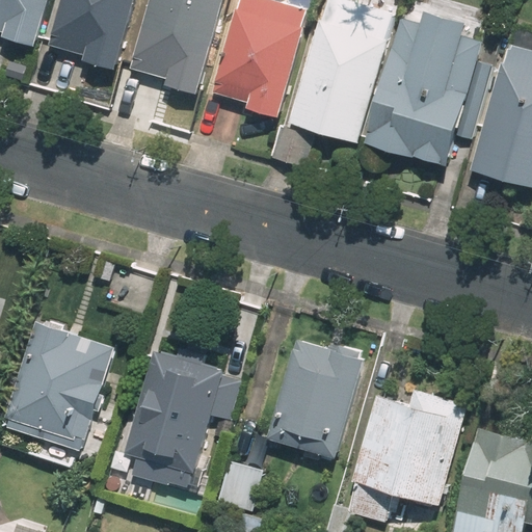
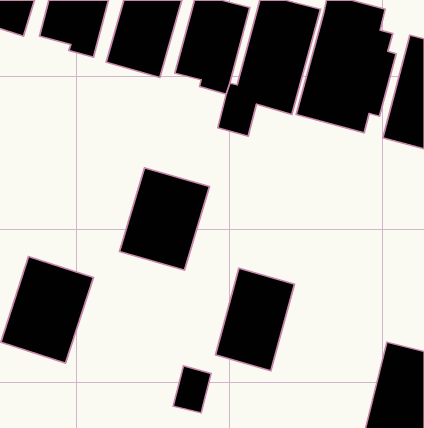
building: none -> [120,168,210,270]
building: [123,346,237,494] -> none
building: [346,384,469,518] -> none

